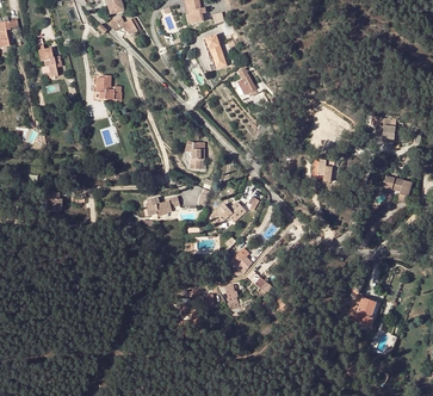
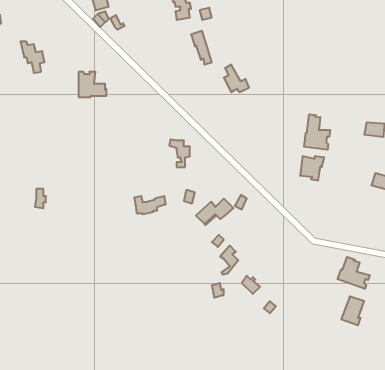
building: none -> [304,114,330,150]
building: none -> [338,257,370,289]

